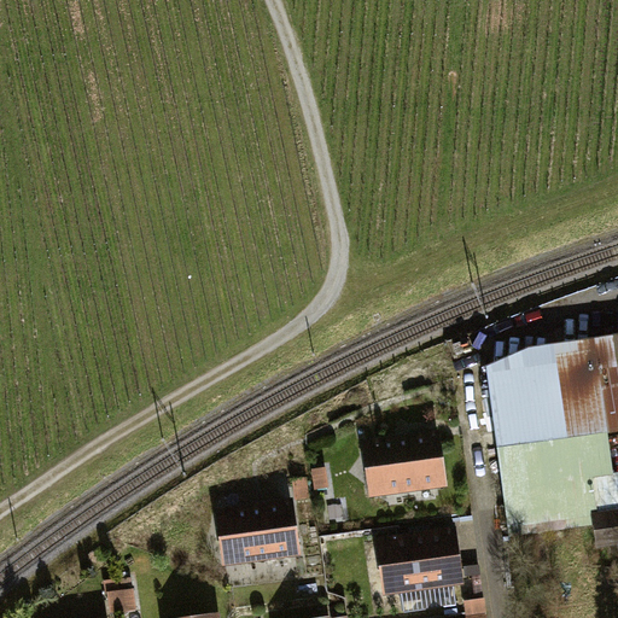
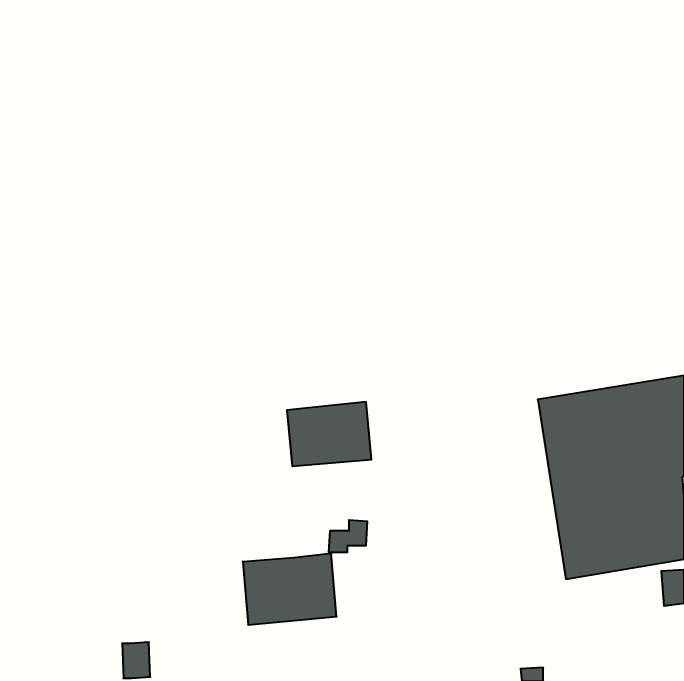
building: [366,436,442,494] -> [287,402,371,466]
building: [379,526,459,594] -> none

